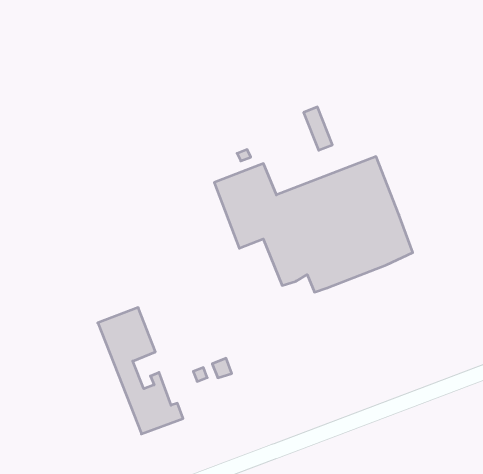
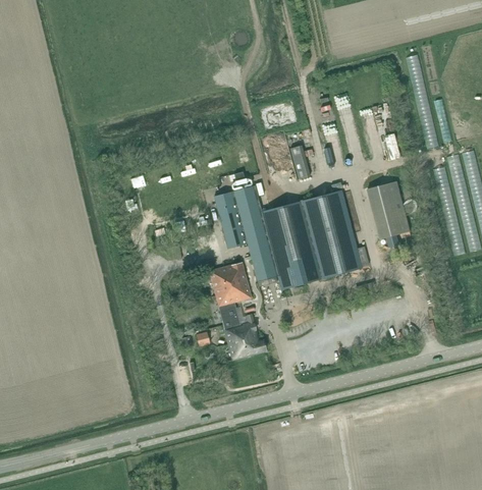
building: none -> [367,181,411,238]
building: [98,308,183,434] -> [209,262,266,360]

